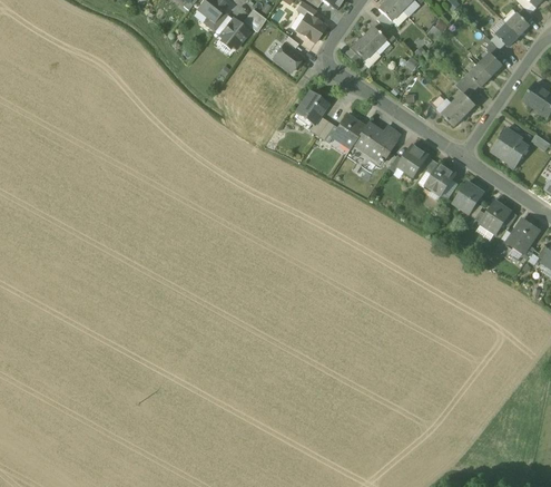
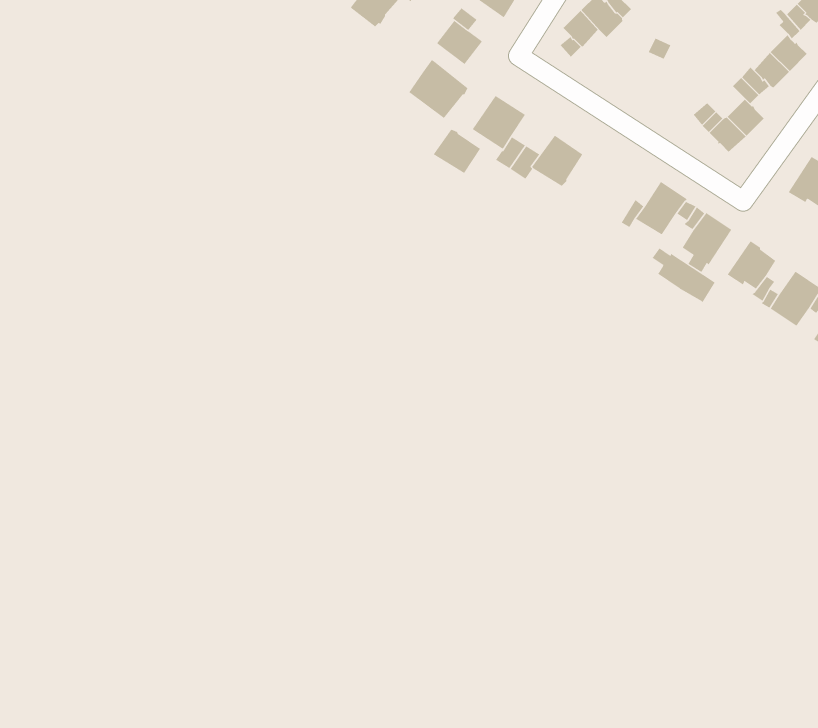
building: none -> [408,59,468,119]
building: none -> [433,129,481,174]
building: [354,123,401,164] -> none
building: none -> [652,248,716,303]

